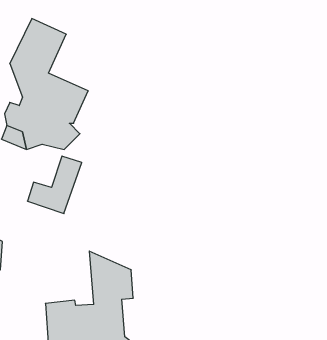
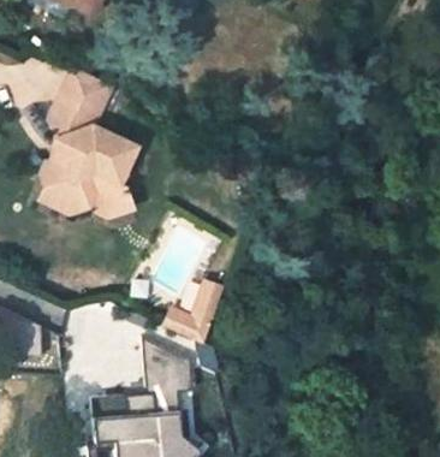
building: [27,156,82,214] -> [167,274,230,340]

